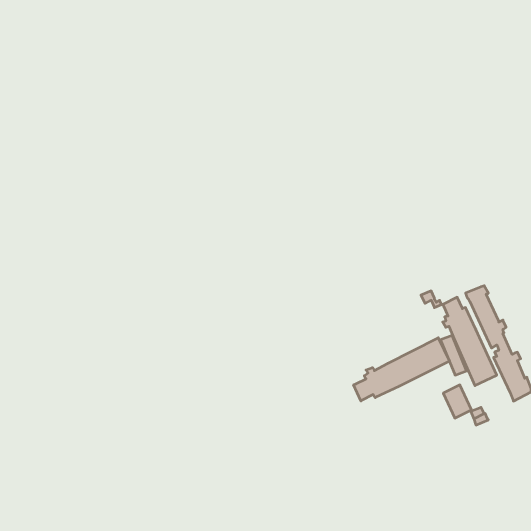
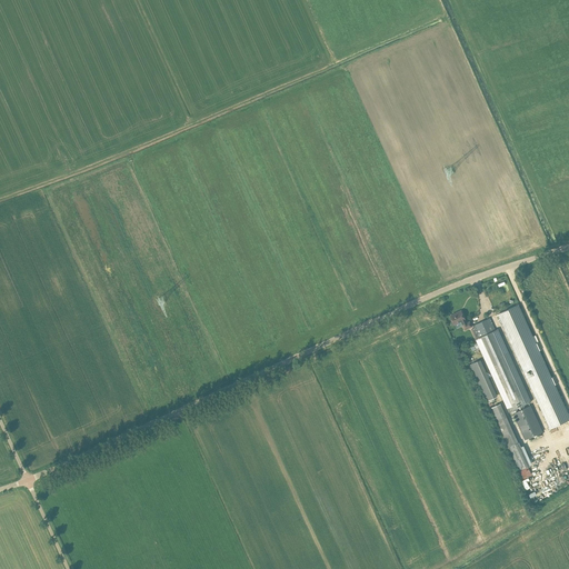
building: [354,338,449,401] -> none
building: [443,385,471,418] -> [512,405,542,440]

